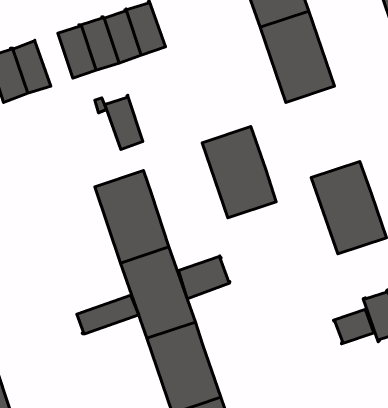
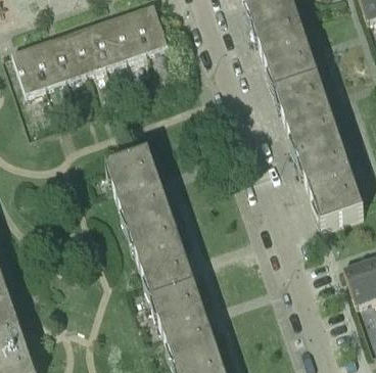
building: [105,95,143,149] -> [54,32,88,80]
building: [202,127,276,218] -> [276,80,341,160]
building: [178,256,230,299] -> none
building: [77,295,139,334] -> none
building: [333,309,374,344] -> none

